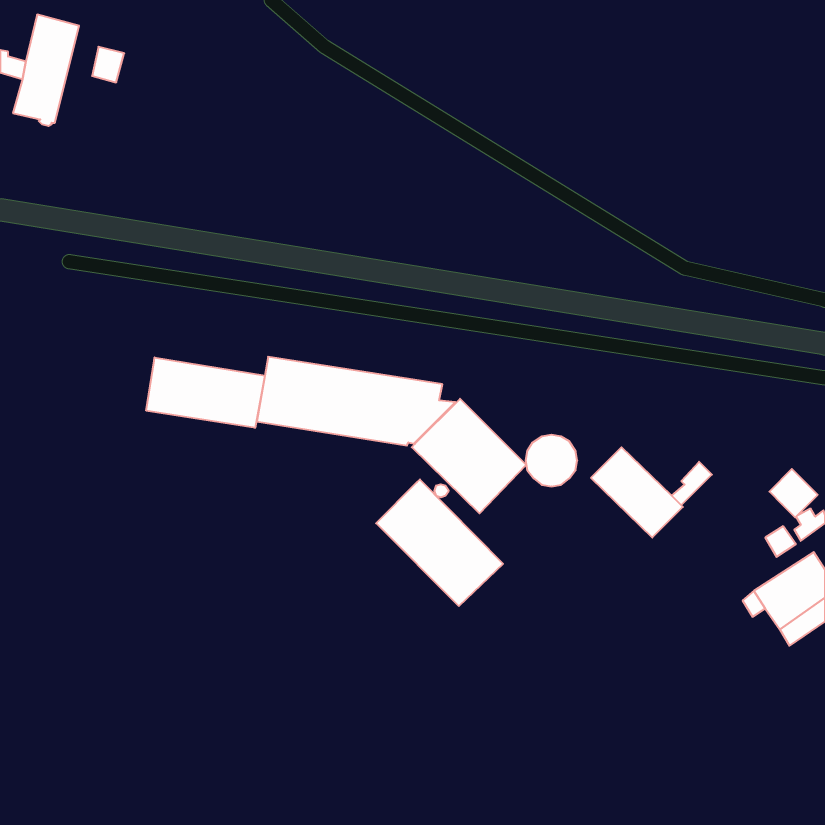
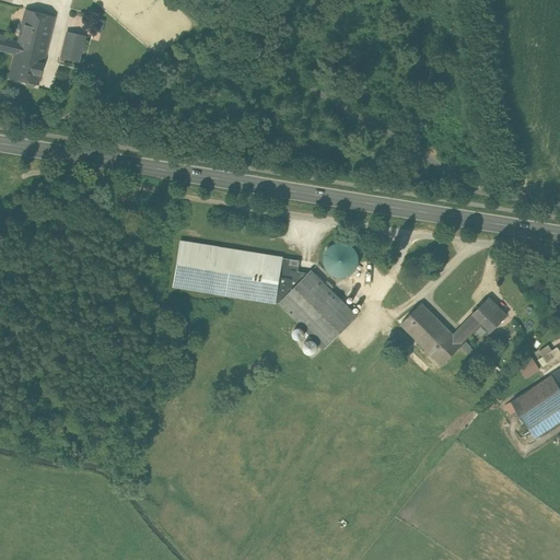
building: [146,357,265,428] -> none
building: [526,435,577,486] -> [324,242,359,277]
building: [769,469,818,517] -> [474,298,506,330]
building: [376,479,503,606] -> none

